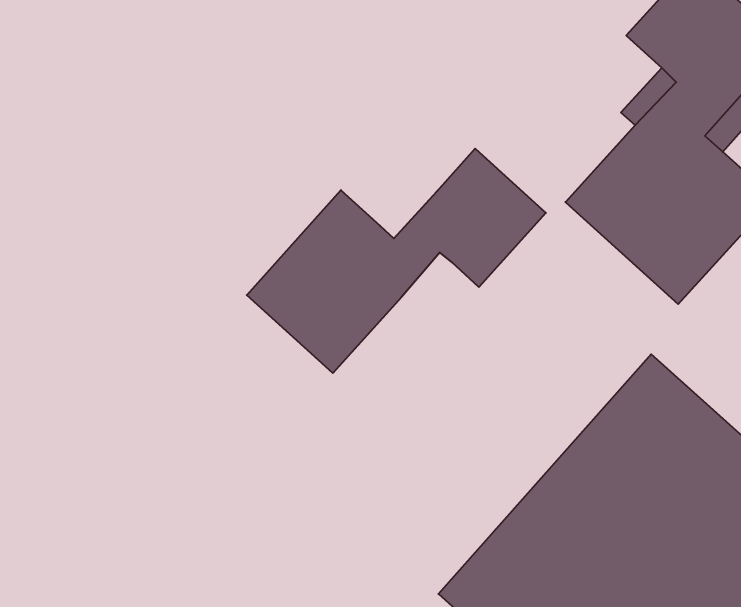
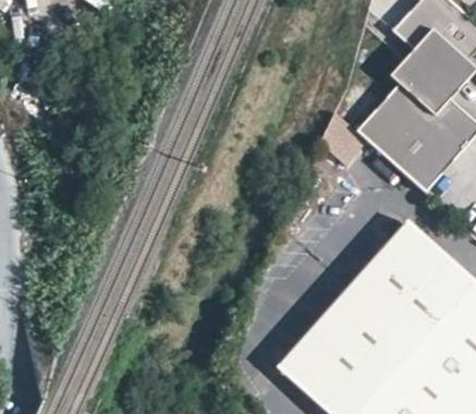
building: [247,149,546,373] -> none

